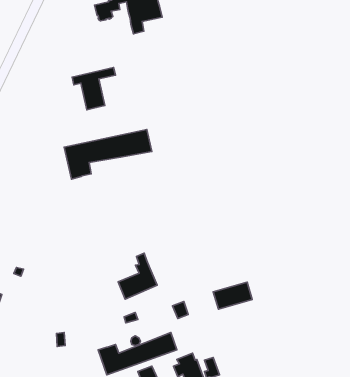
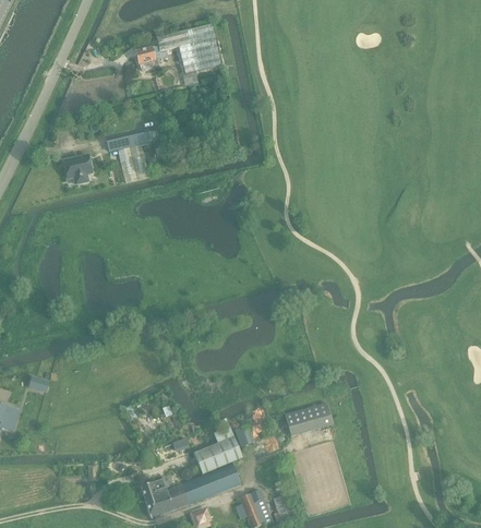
building: none -> [63,155,91,183]
building: [64,130,152,179] -> none
building: [118,253,157,299] -> [192,417,241,475]

